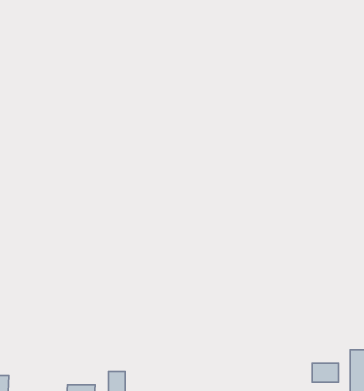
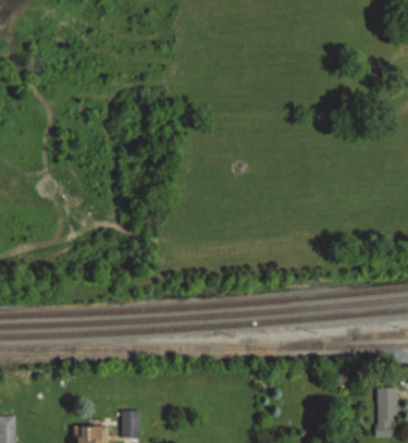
building: [312,363,339,382] -> none

